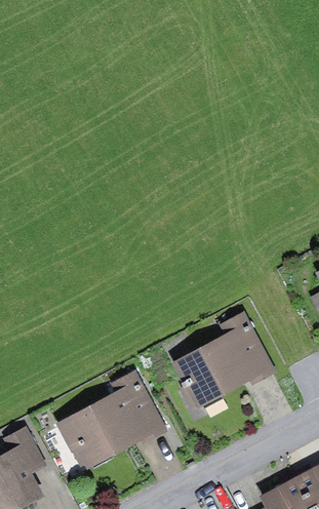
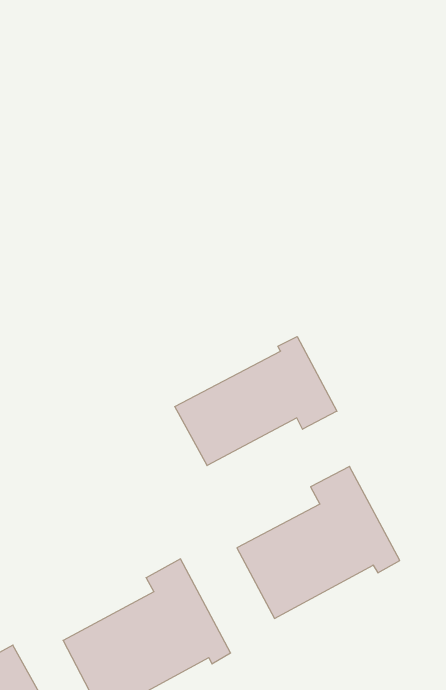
building: none -> [175,337,337,466]

